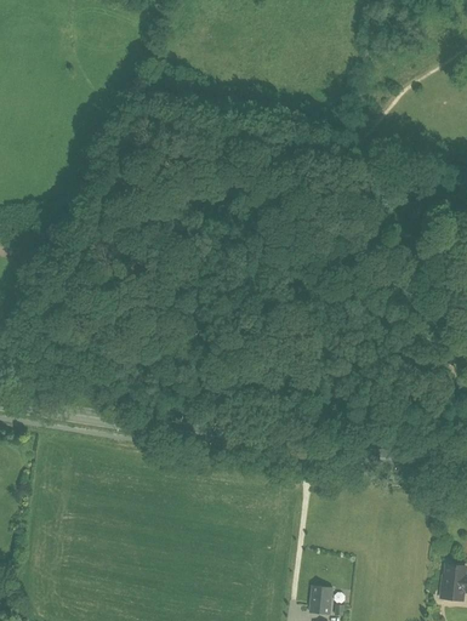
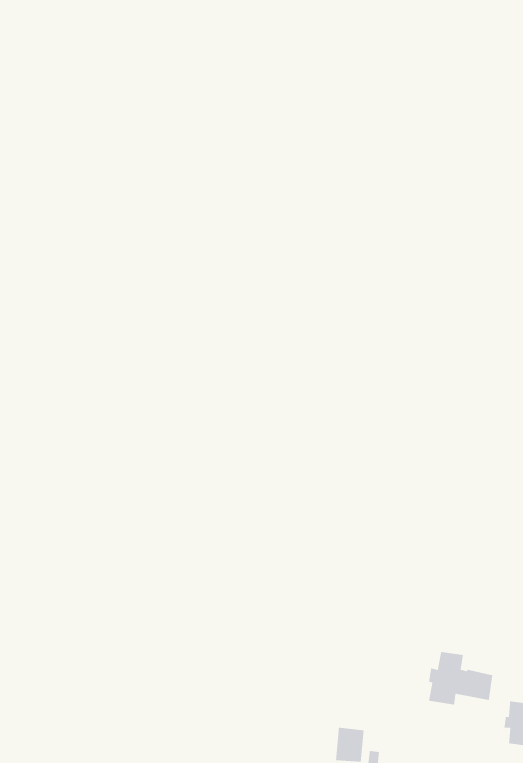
building: none -> [428,651,493,706]

